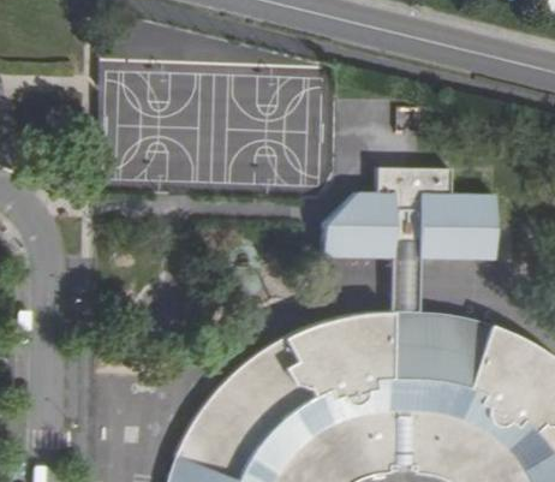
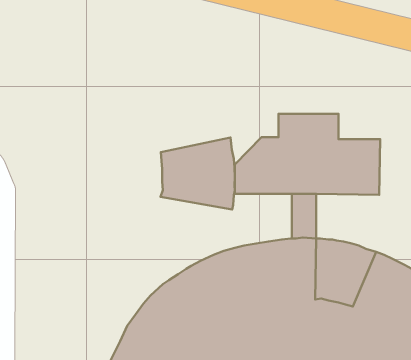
building: none -> [160,138,235,209]

